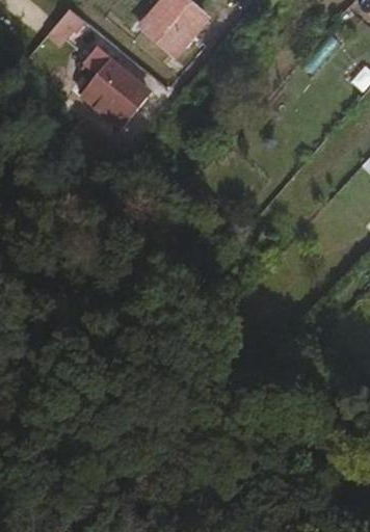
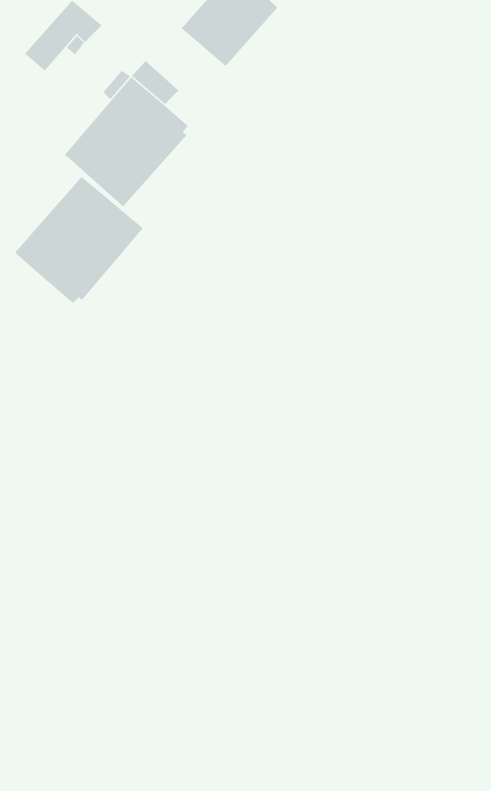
building: none -> [14,176,144,304]

